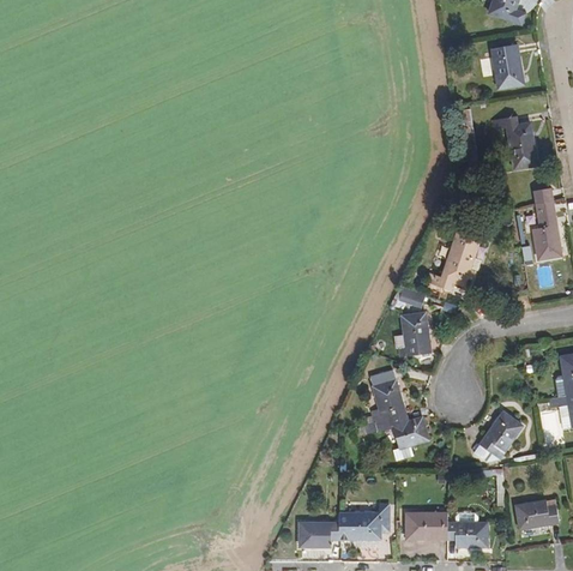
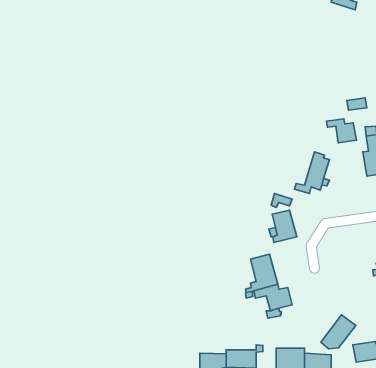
building: [495,46,526,90] -> none
building: [491,118,535,152] -> [327,119,356,143]
building: [474,407,524,456] -> [321,315,356,349]

